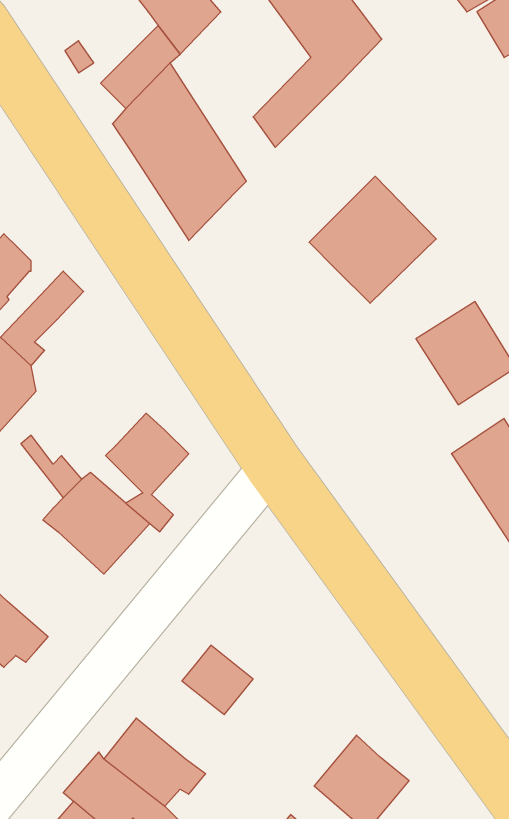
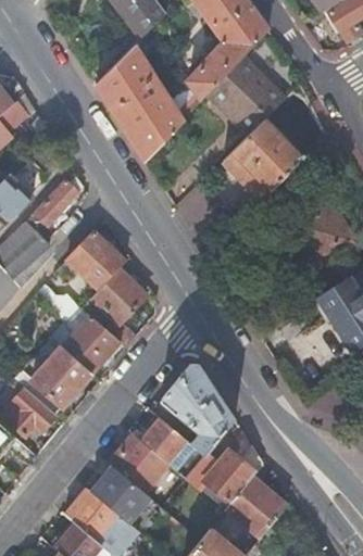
building: none -> [209,58,286,132]
building: none -> [67,232,127,291]
building: none -> [29,346,91,413]
building: none -> [159,364,235,456]
building: none -> [110,434,167,492]
building: none -> [205,445,263,503]

